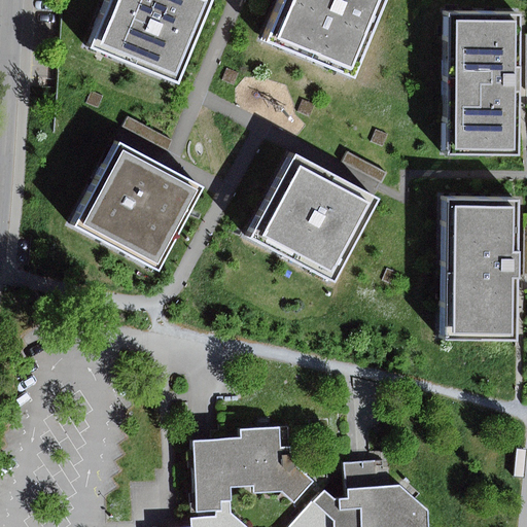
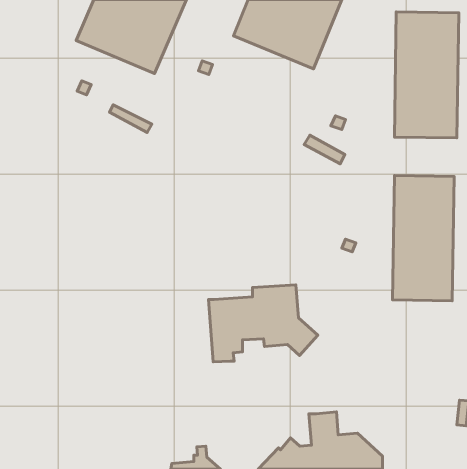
building: [72,143,200,270] -> none
building: [248,154,375,280] -> none
building: [196,424,318,511] -> [208,285,318,362]

